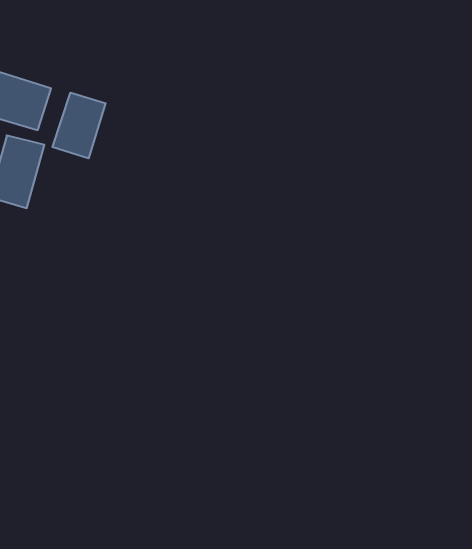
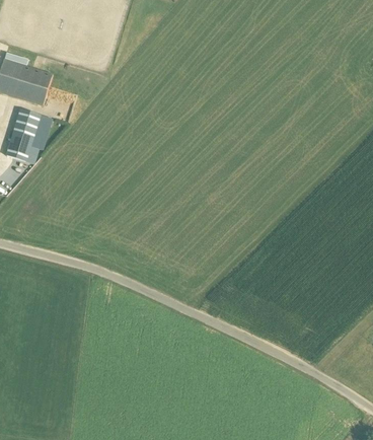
building: [52,93,106,158] -> none

